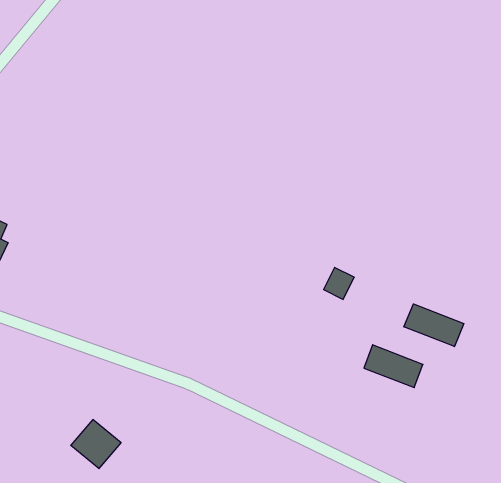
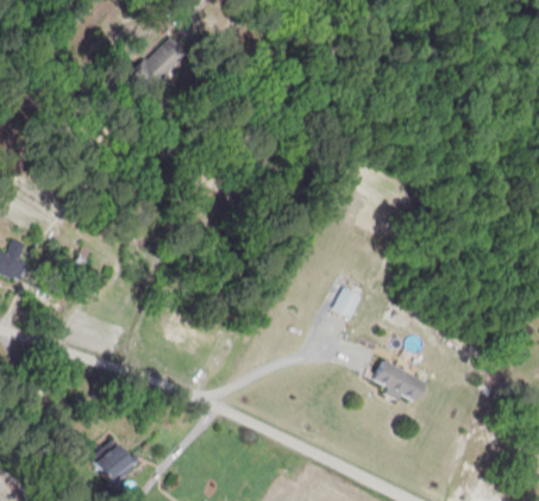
building: none -> [134,37,186,88]
building: [404,304,464,347] -> none

